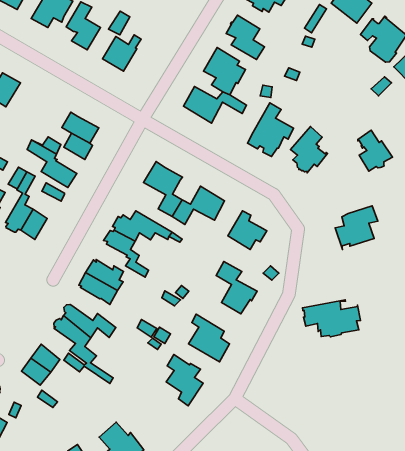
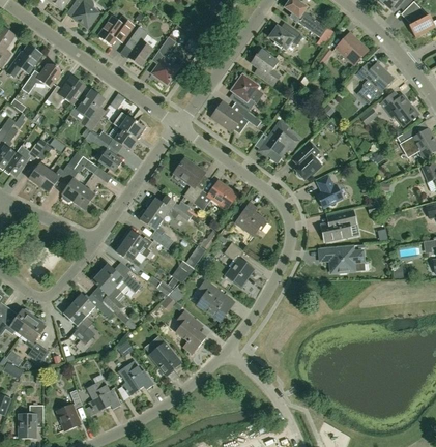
building: none -> [78,90,105,129]
building: [358,130,392,171] -> [317,175,343,207]
building: [303,300,360,337] -> [319,244,364,272]
building: none -> [150,341,180,374]

